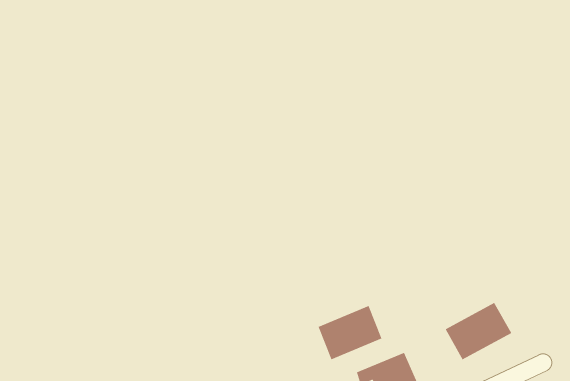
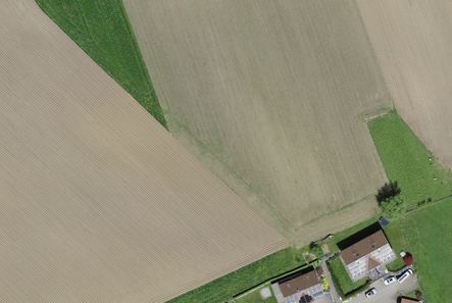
building: [318,305,382,360] -> none

